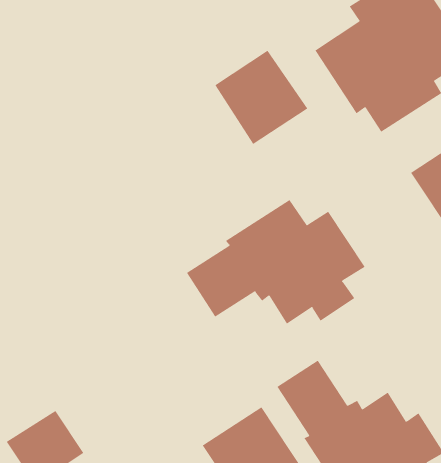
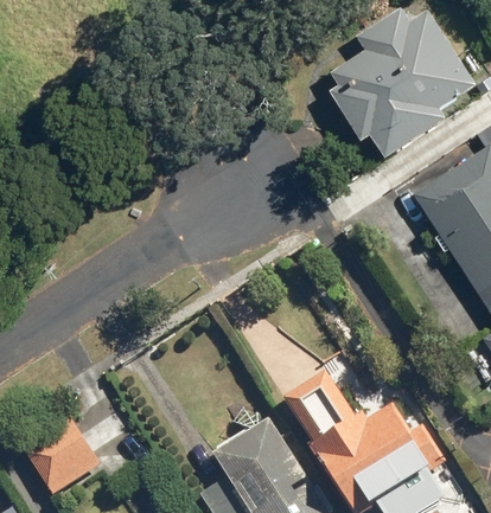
building: [214,50,308,145] -> none
building: [186,199,366,325] -> none

